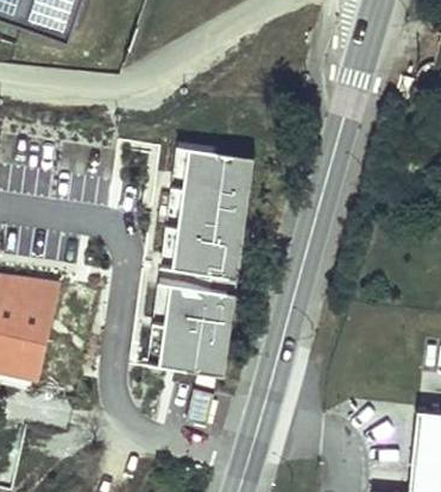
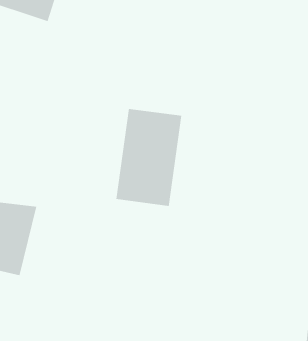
building: [150,289,232,379] -> none

